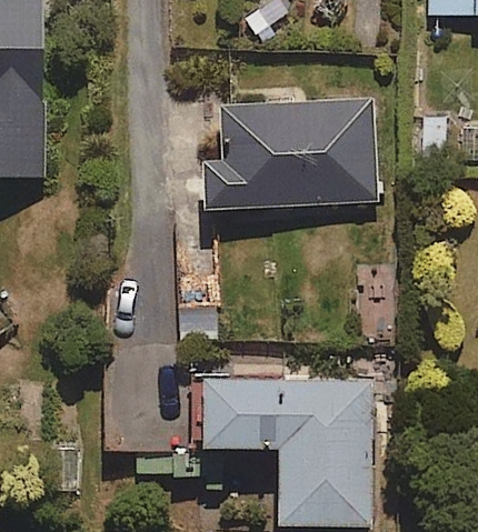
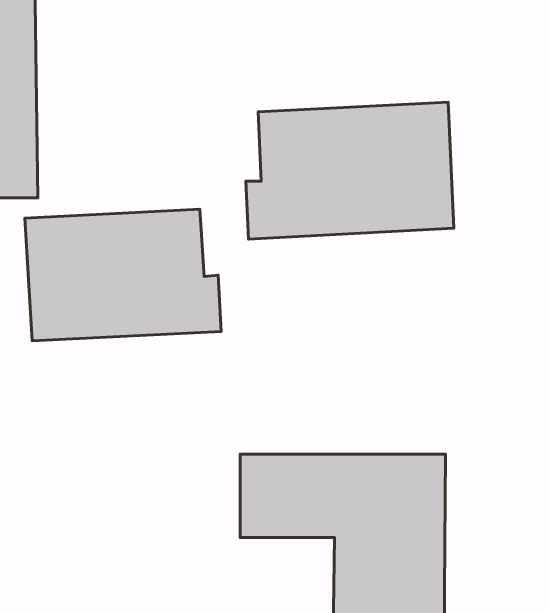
building: none -> [25,209,221,341]

